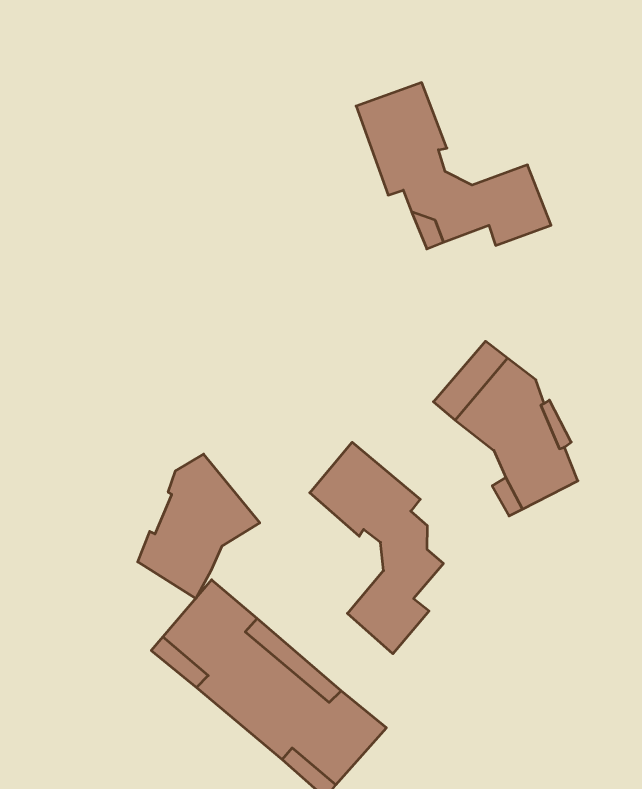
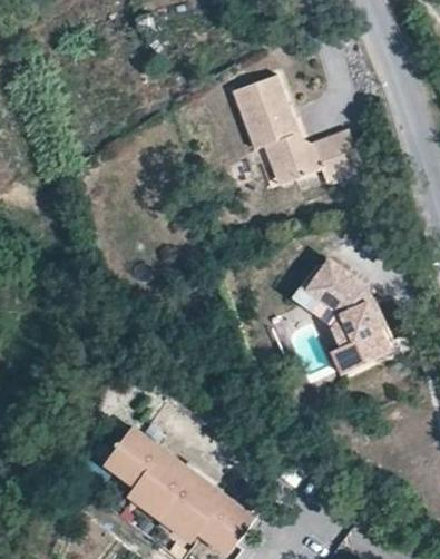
building: [310,442,443,654] -> none
building: [138,454,260,599] -> none

